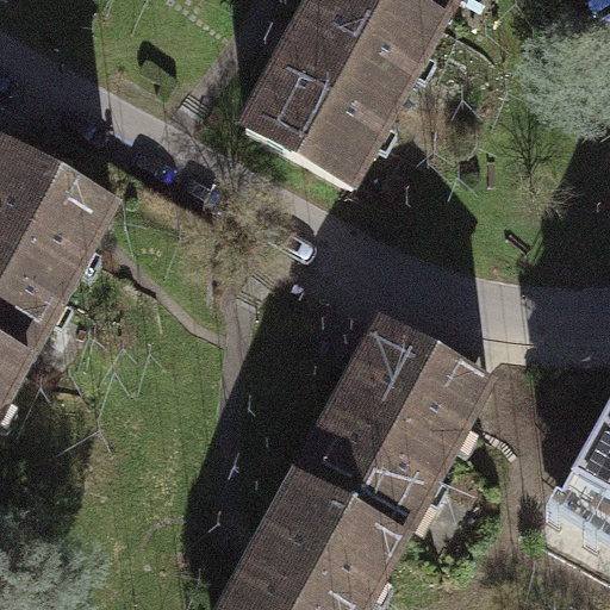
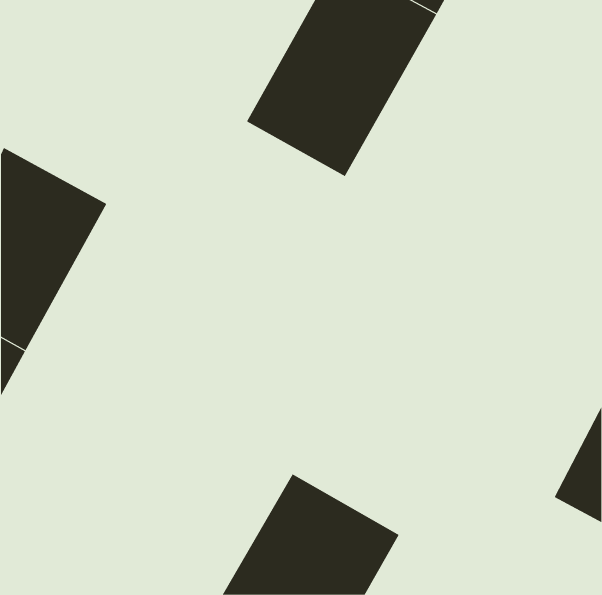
building: [295,326,491,541] -> none

